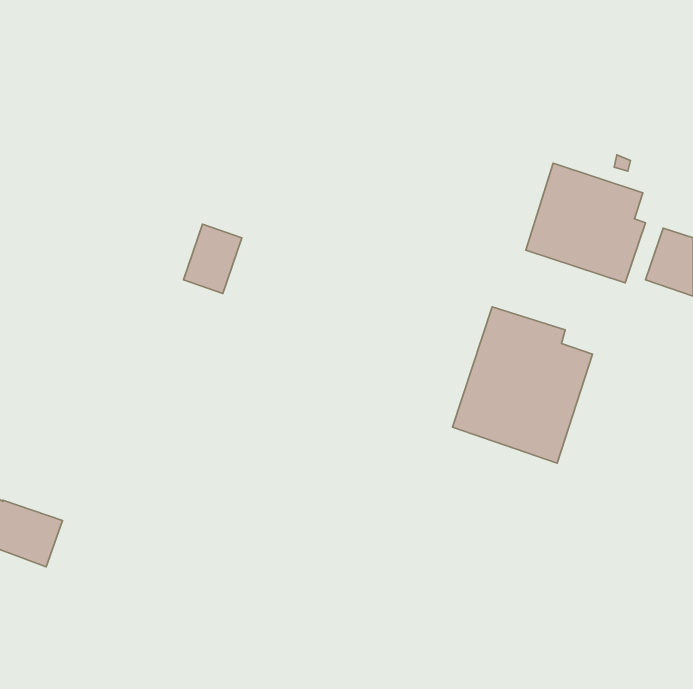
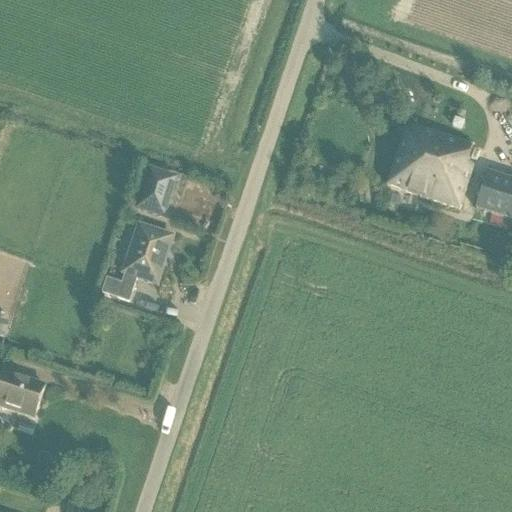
building: none -> [102,222,172,299]
building: [453,307,592,463] -> none

